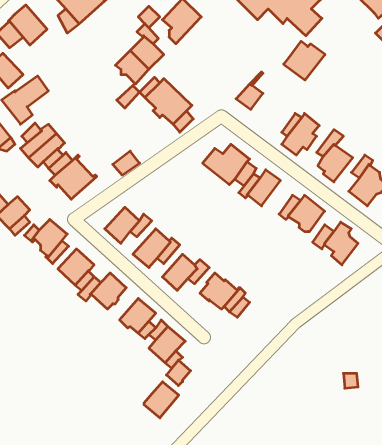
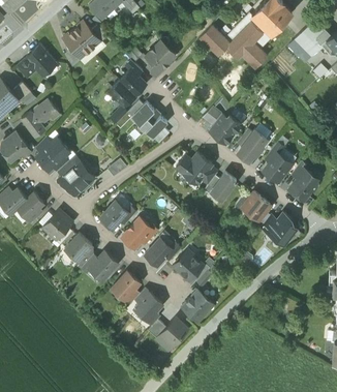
building: [284,41,325,80] -> [209,113,241,143]
building: none -> [182,290,213,321]
building: [144,382,179,418] -> [160,318,187,345]

